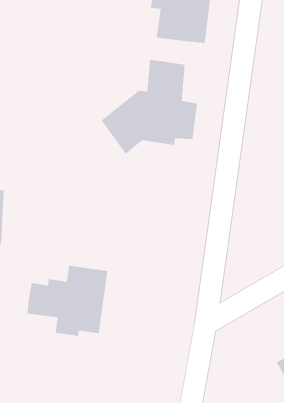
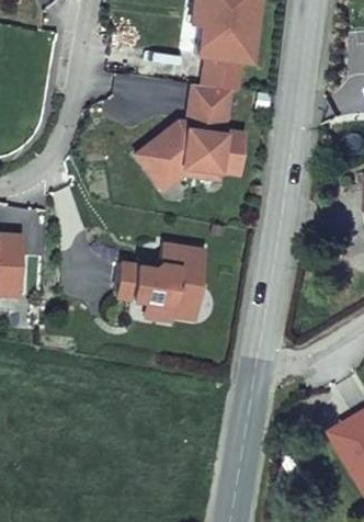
building: none -> [198,58,240,88]
building: [26,265,108,337] -> [110,240,204,322]

